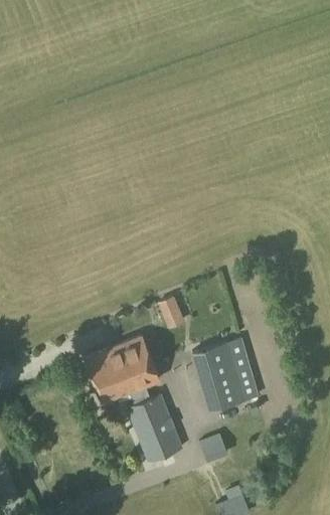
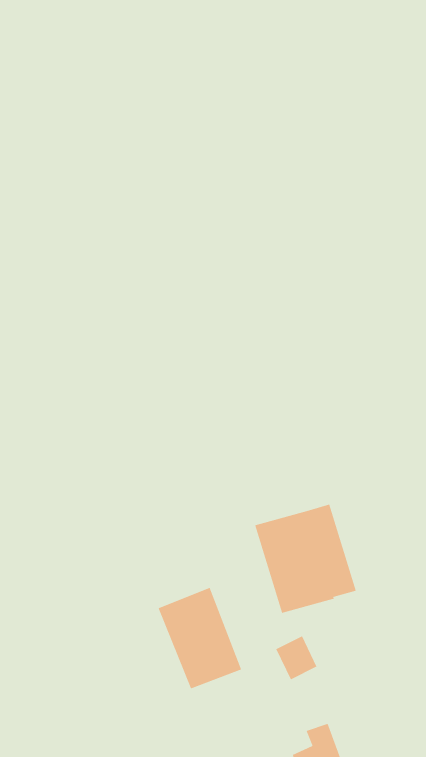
building: [157,297,185,330] -> none
building: [85,336,160,404] -> none

